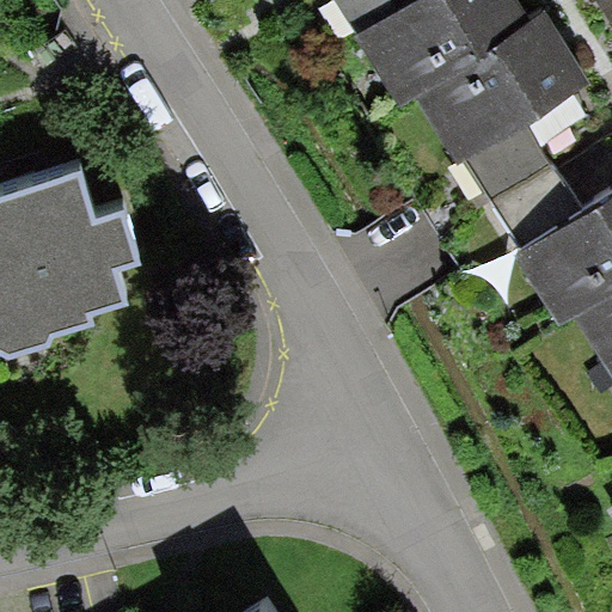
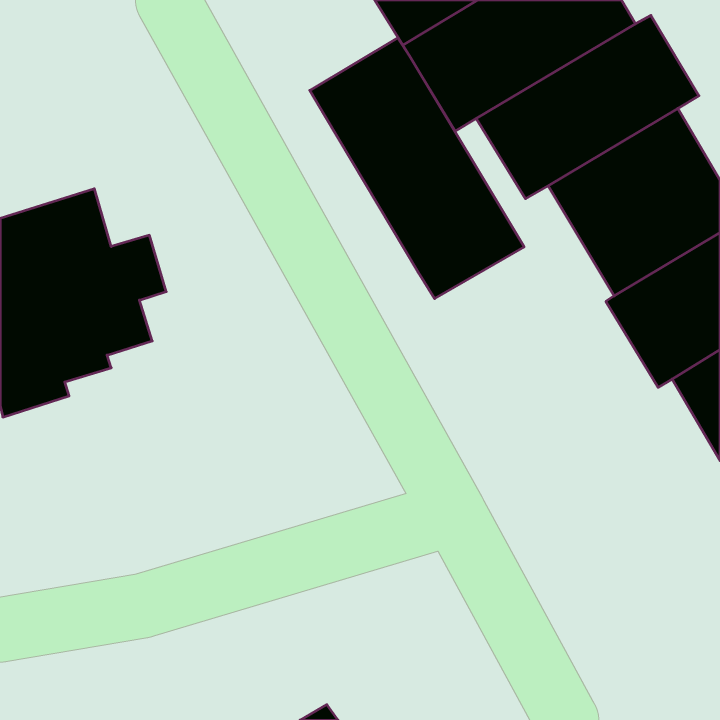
building: none -> [310,38,524,299]

